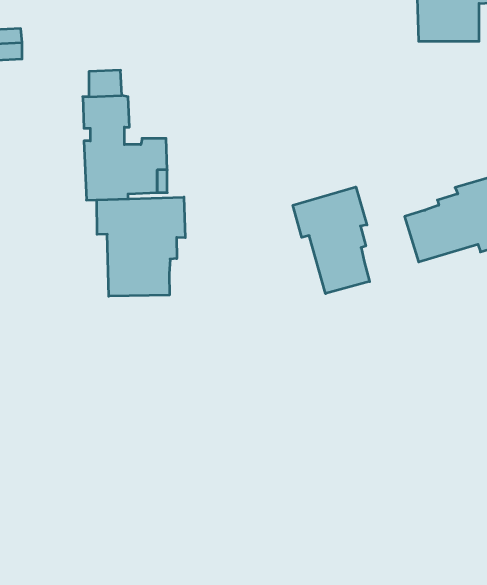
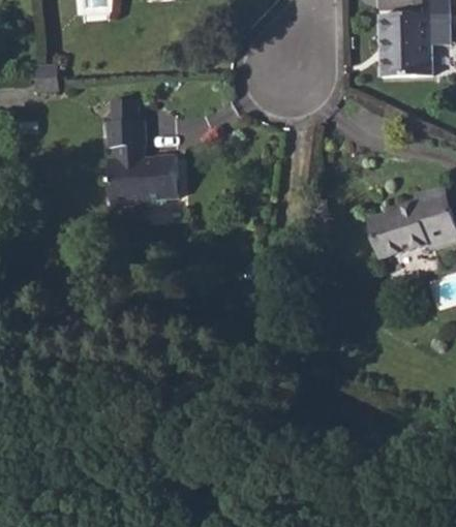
building: [293,187,370,294] -> none
building: [97,197,185,296] -> none

